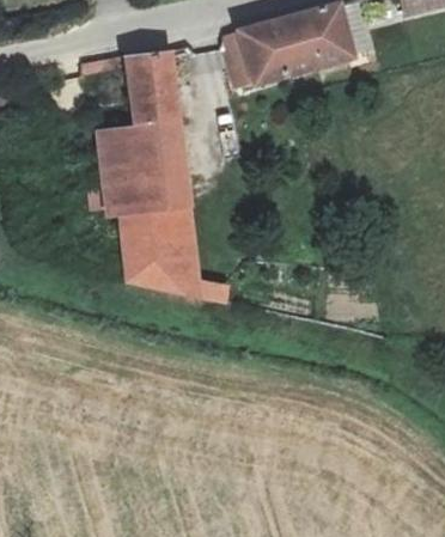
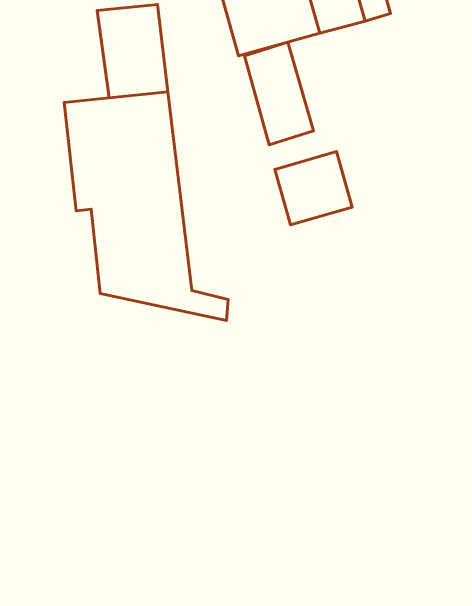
building: none -> [245,42,314,145]
building: none -> [275,152,352,225]

